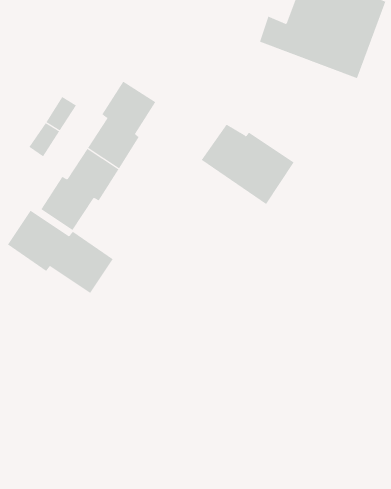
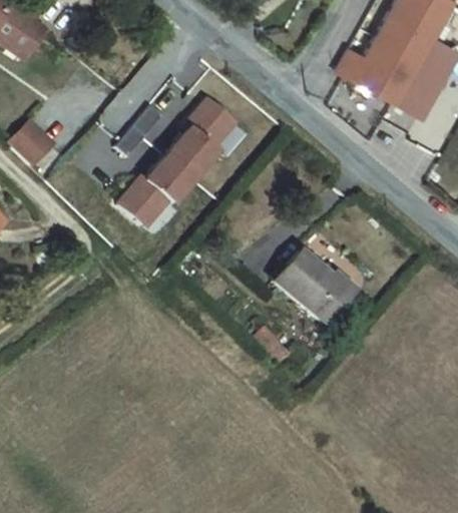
building: [201,124,295,205] -> [271,234,354,312]
building: [7,210,114,294] -> none

